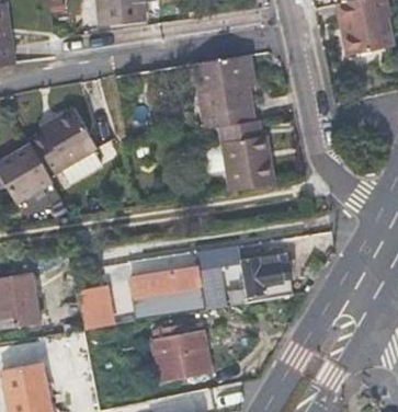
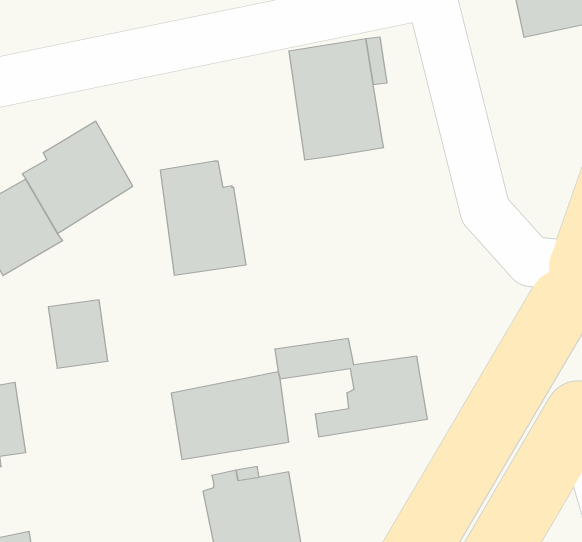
building: [228,125,282,196] -> [160,161,246,275]
building: [80,286,117,329] -> [48,300,108,368]

